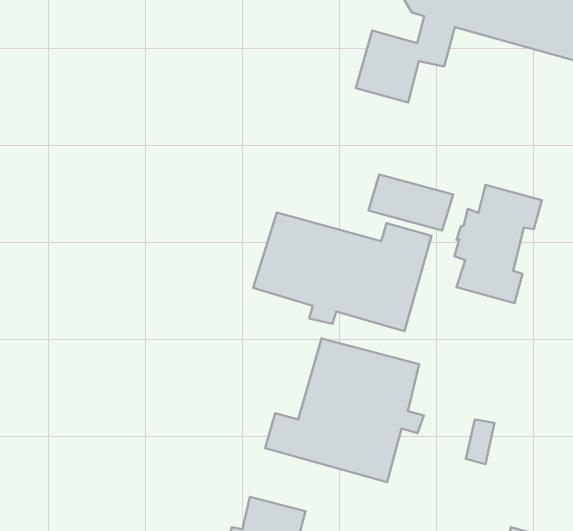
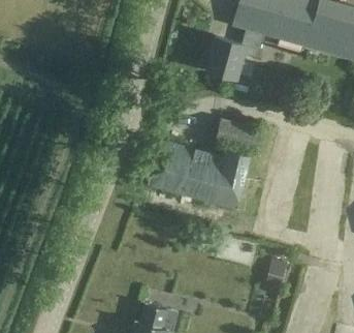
building: [455,185,542,303] -> none
building: [265,339,424,482] -> none

